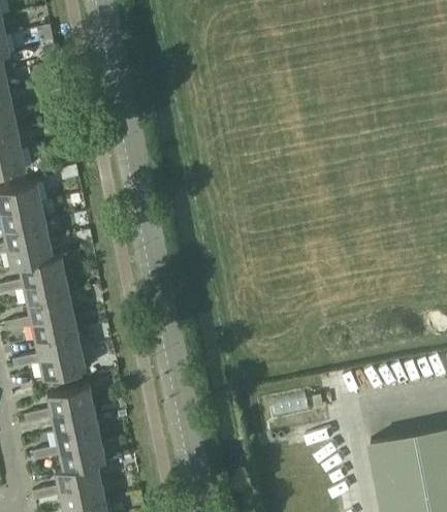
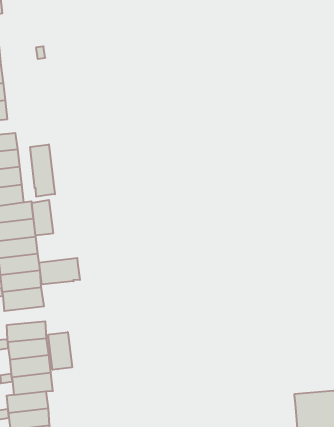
building: none -> [30,144,55,197]
building: none -> [32,200,53,235]
building: none -> [39,258,80,284]
building: none -> [48,332,72,370]

